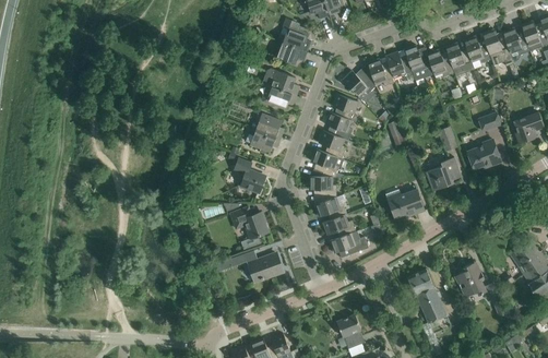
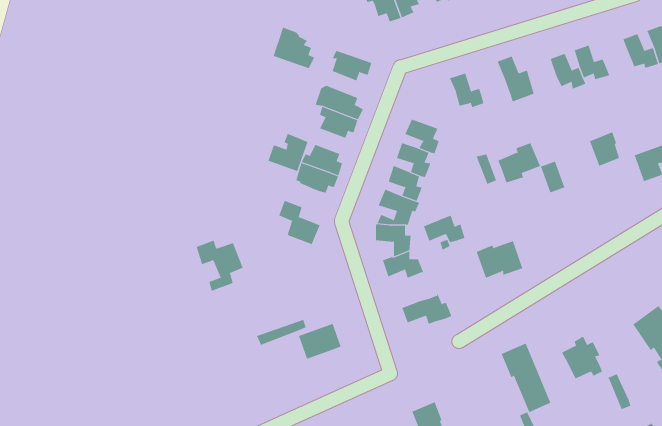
building: [278,17,311,50] -> [273,27,315,69]
building: [483,28,520,79] -> none
building: [427,49,455,77] -> none
building: [385,51,414,79] -> none
building: [343,71,376,96] -> none
building: none -> [268,133,308,172]
building: [467,140,501,169] -> none
building: [427,158,461,190] -> [497,142,541,183]
building: [231,210,269,250] -> [196,240,243,291]
building: [323,214,357,236] -> [423,215,466,243]

